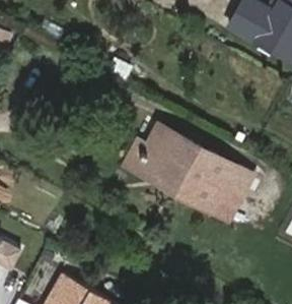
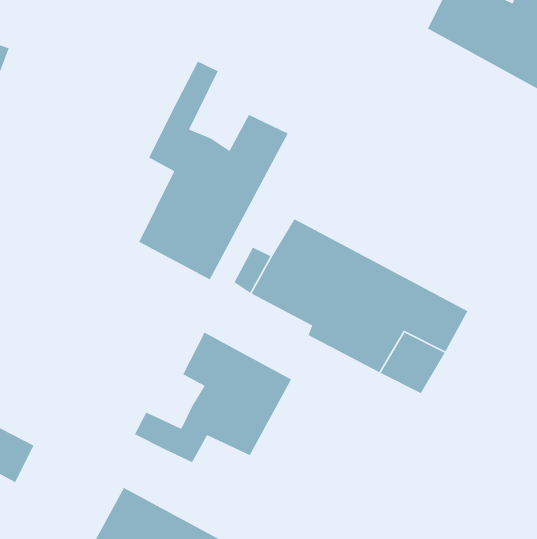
building: none -> [138,60,289,280]
building: none -> [134,331,292,463]

